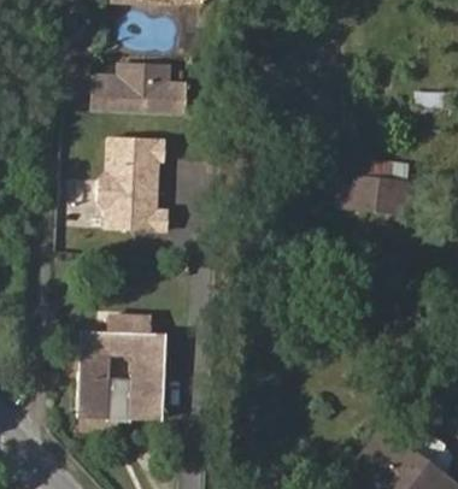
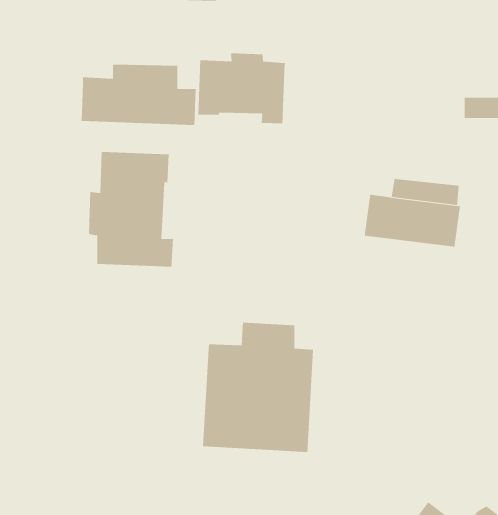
building: none -> [198,53,285,124]
building: [74,311,168,420] -> [202,322,314,452]

